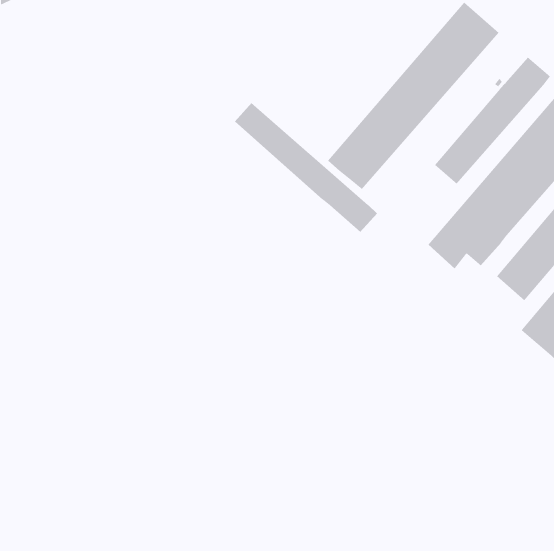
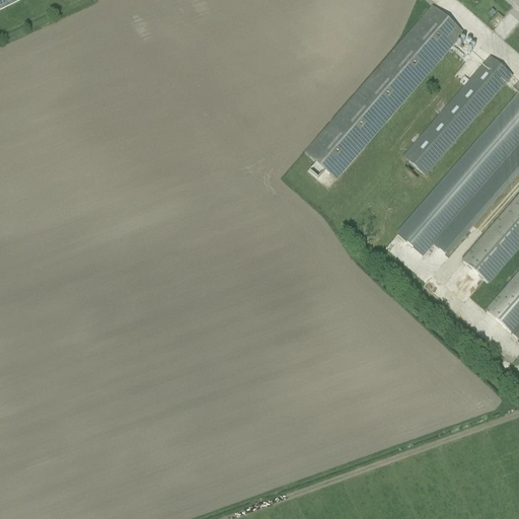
building: [234,102,378,233] -> none

